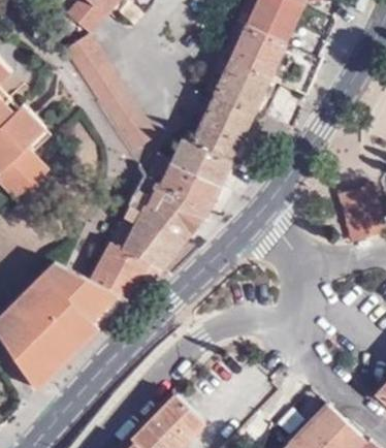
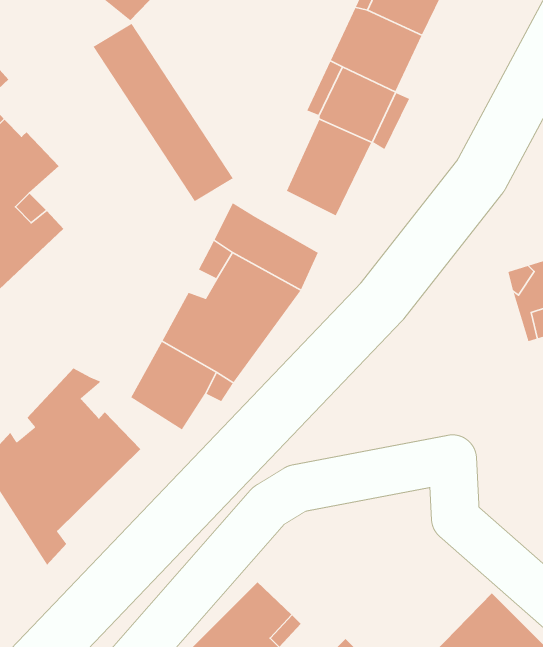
building: [173,136,226,183] -> none
building: [43,267,125,374] -> none

